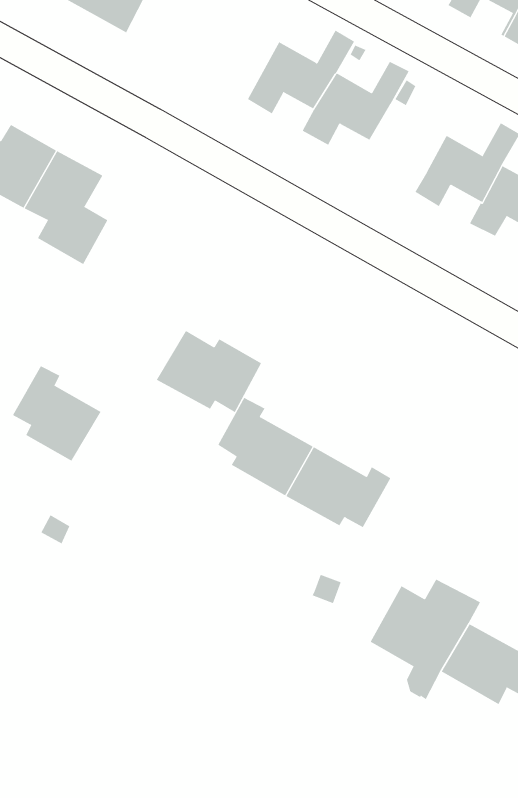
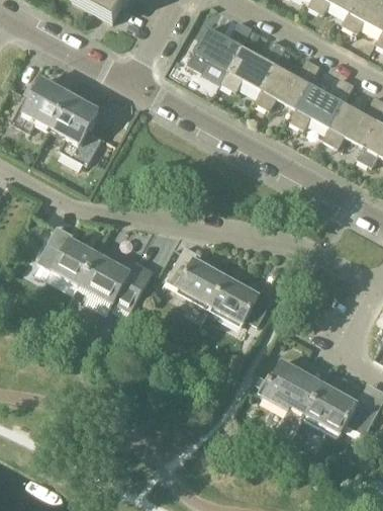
building: none -> [254,57,319,108]
building: [156,330,262,413] -> [79,253,143,304]

